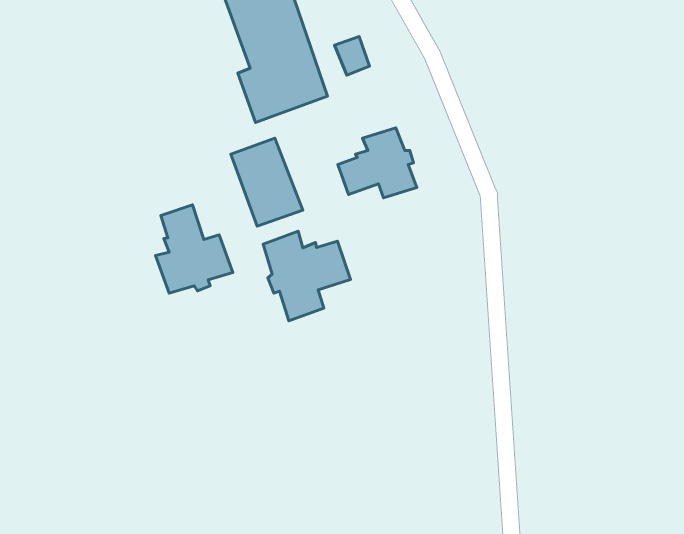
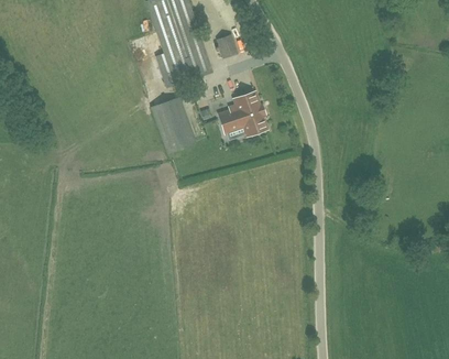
building: [155,205,233,293] -> none
building: [263,231,350,321] -> none

